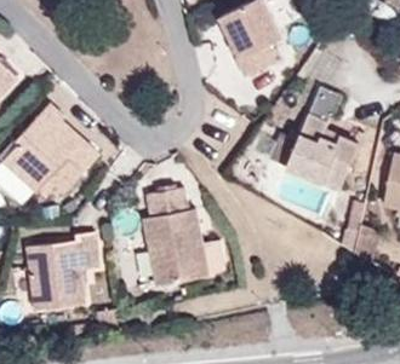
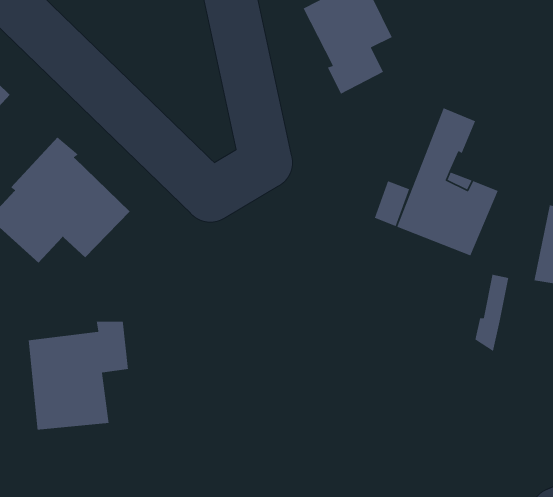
building: [144,181,207,284] -> none

